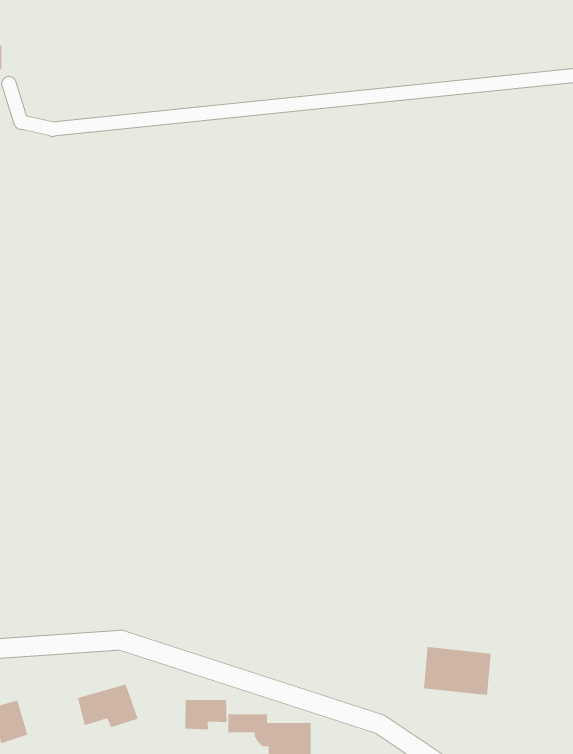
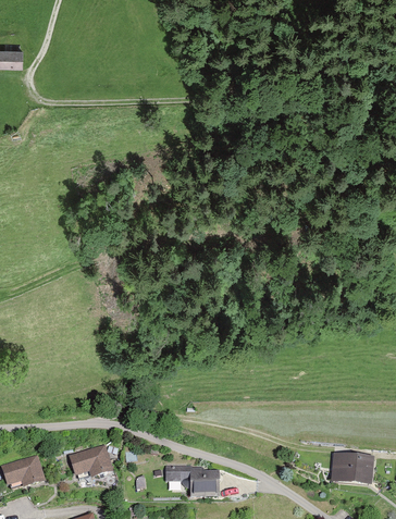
building: [423,646,491,695] -> [332,453,374,483]
building: [185,699,227,730] -> none

